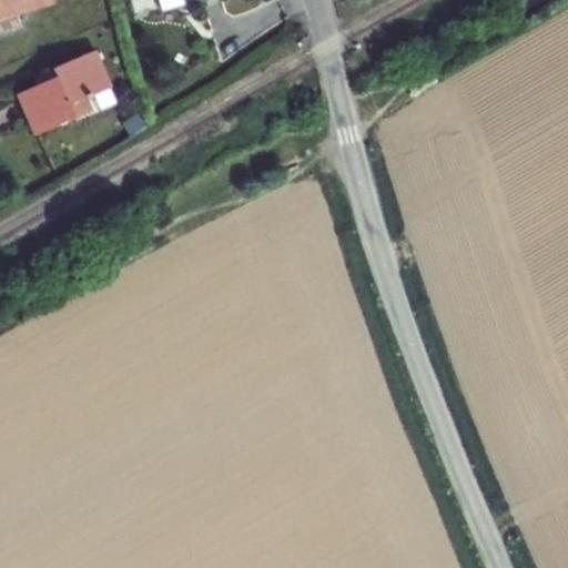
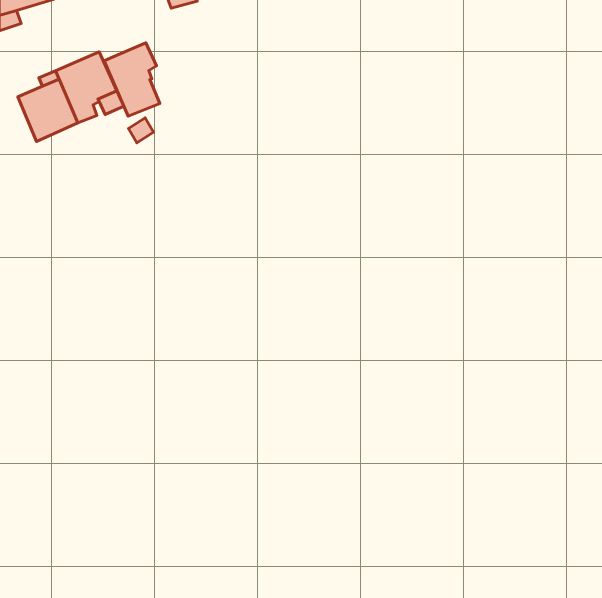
building: none -> [104,43,160,116]

